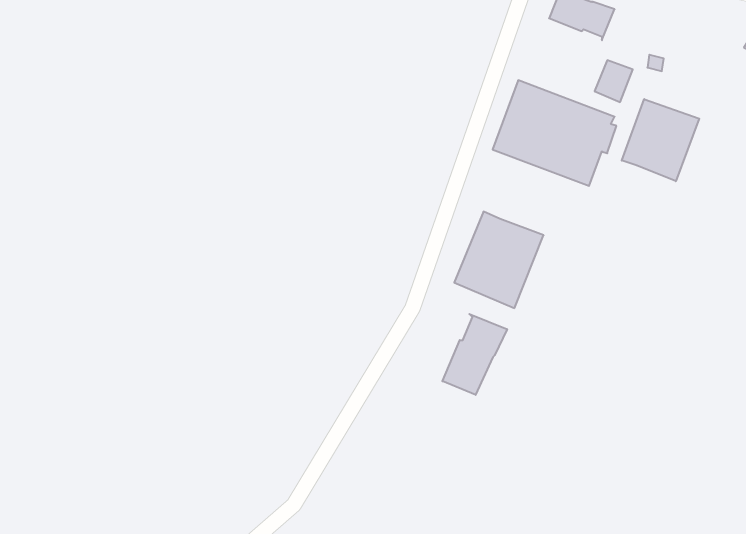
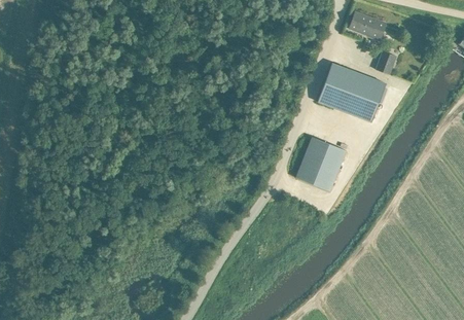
building: [622,99,699,181] -> none
building: [442,314,507,395] -> none

